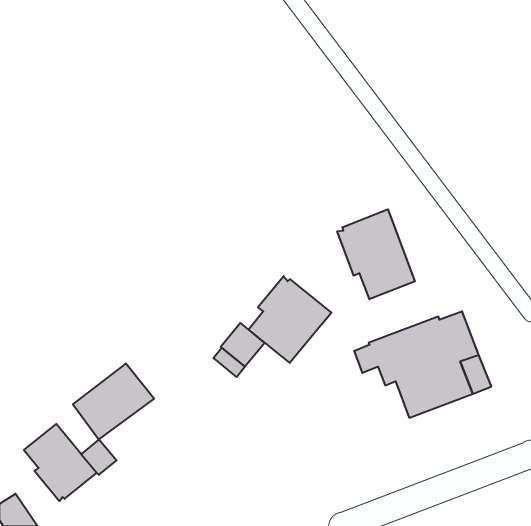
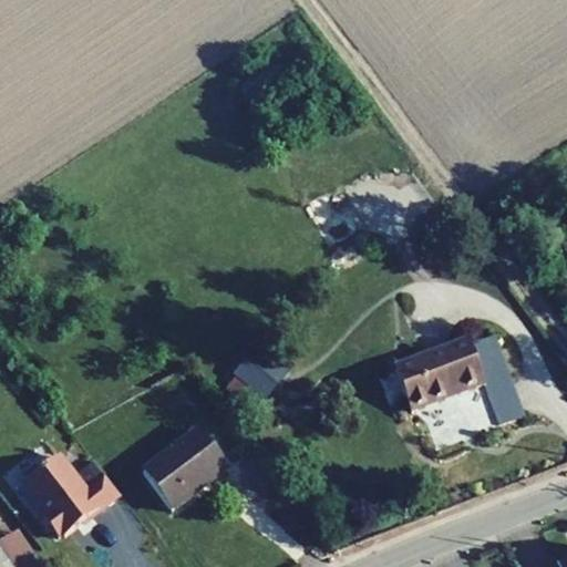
building: [337,209,415,299] -> none
building: [248,276,331,363] -> none
building: [73,364,154,440] -> [141,429,227,509]

